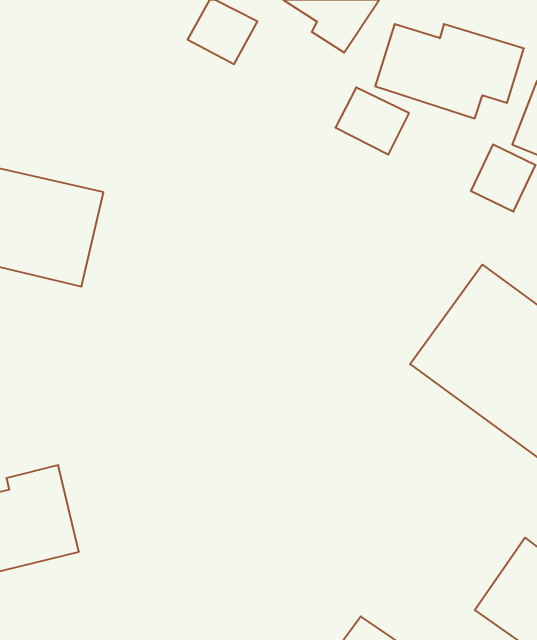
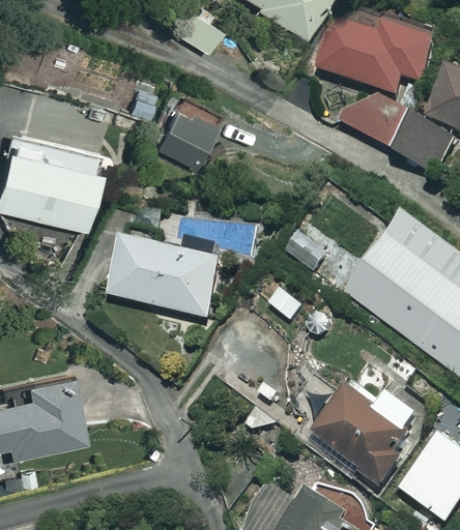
building: [335,87,409,155] -> [347,93,406,147]
building: none -> [150,100,219,168]
building: none -> [110,237,225,319]
building: none -> [311,384,418,485]

